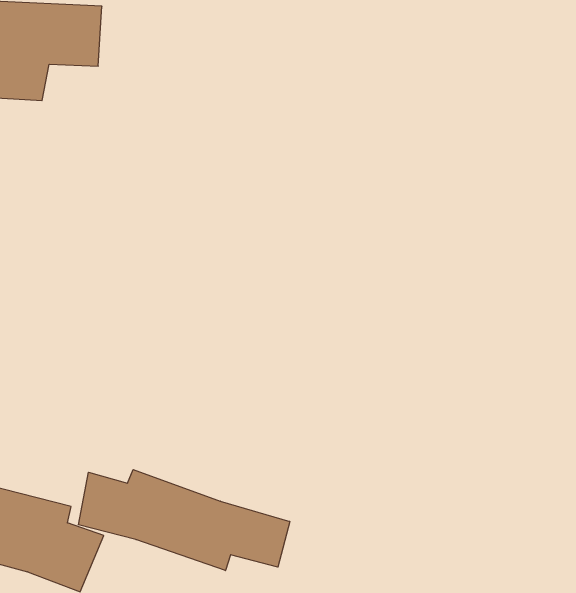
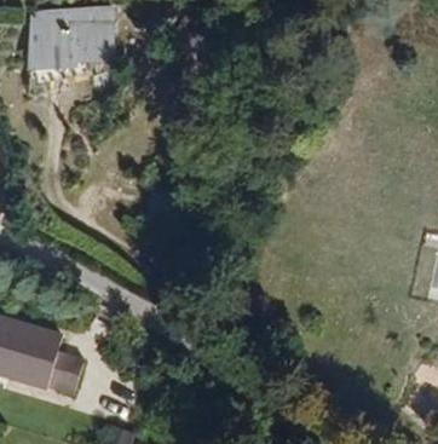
building: [79,470,290,571] -> none

